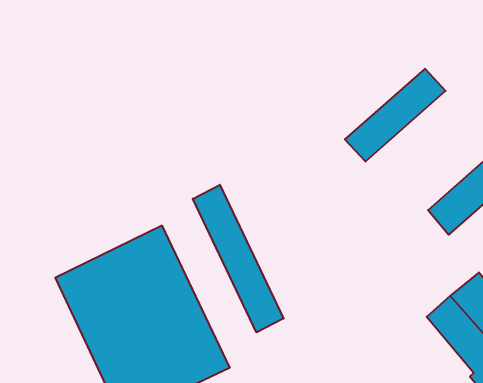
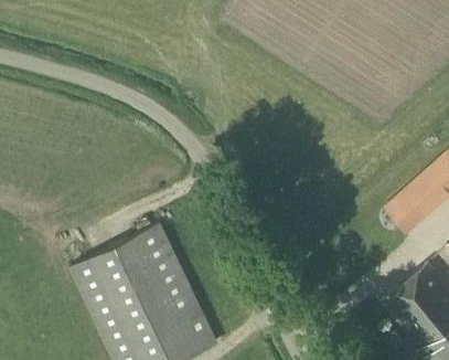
building: [345,69,446,162] -> none
building: [193,185,284,332] -> none

